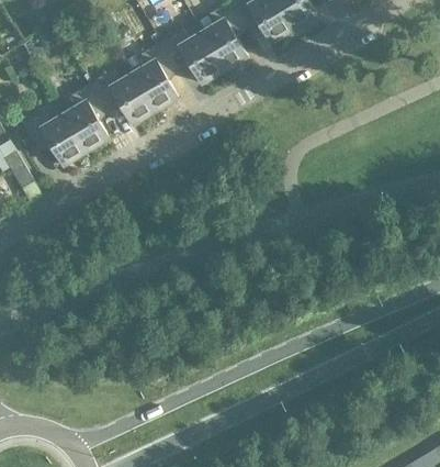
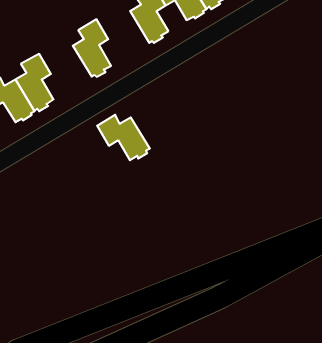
building: [160,29,224,84] -> none
building: [91,69,155,124] -> [97,115,150,160]

